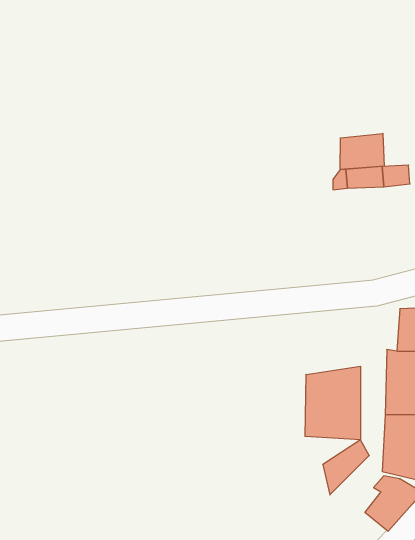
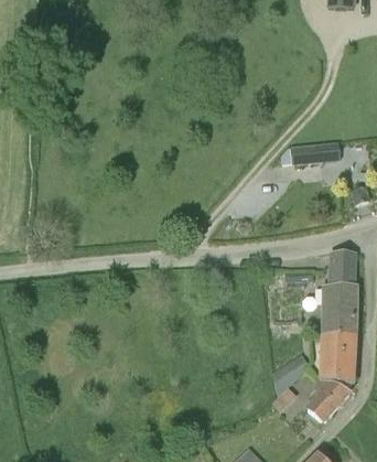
building: [340,133,384,169] -> none
building: [305,366,361,440] -> none

